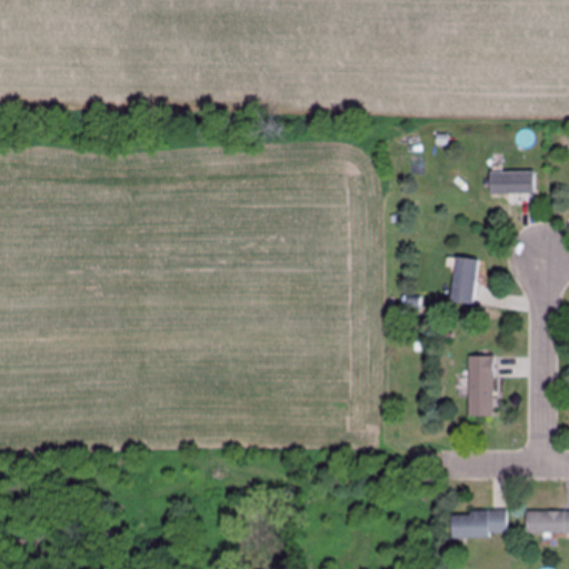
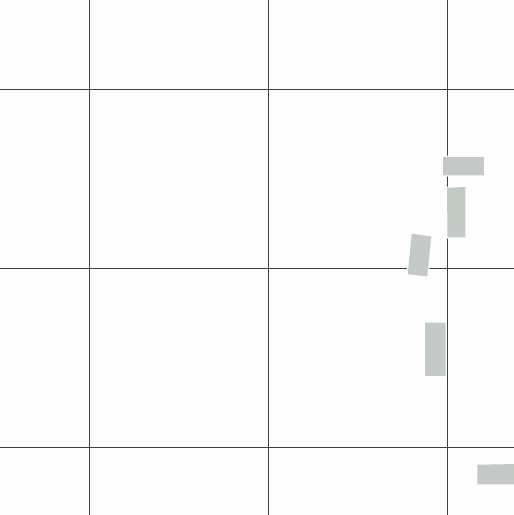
building: none -> [447,186,466,238]
building: [451,510,508,537] -> none

